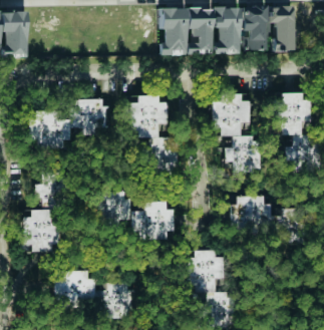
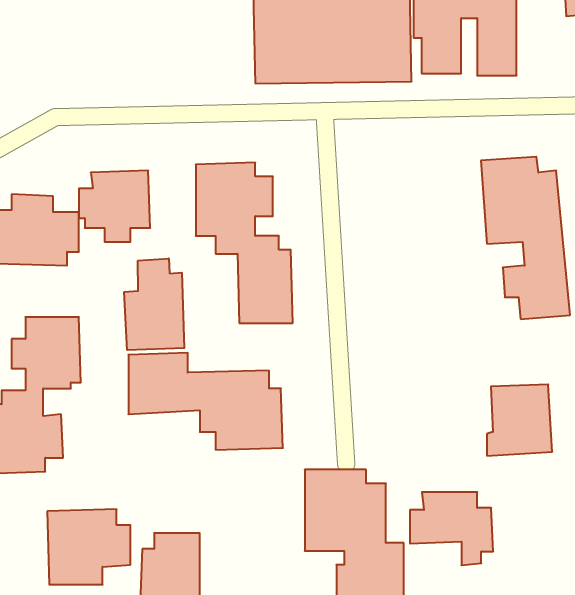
building: [212,94,257,176] -> none
building: none -> [124,258,184,350]
building: [231,197,273,234] -> [410,492,493,565]

